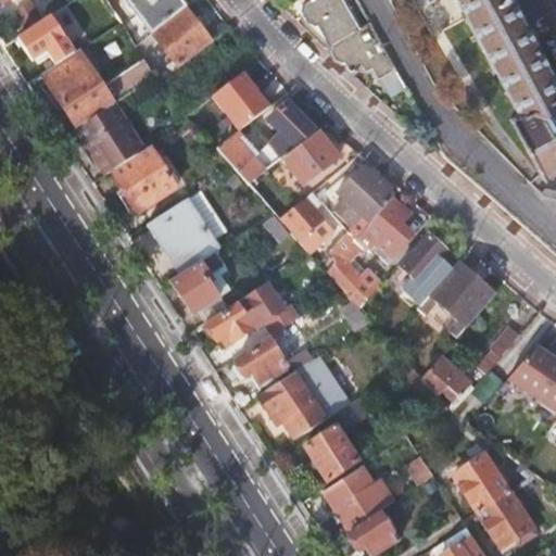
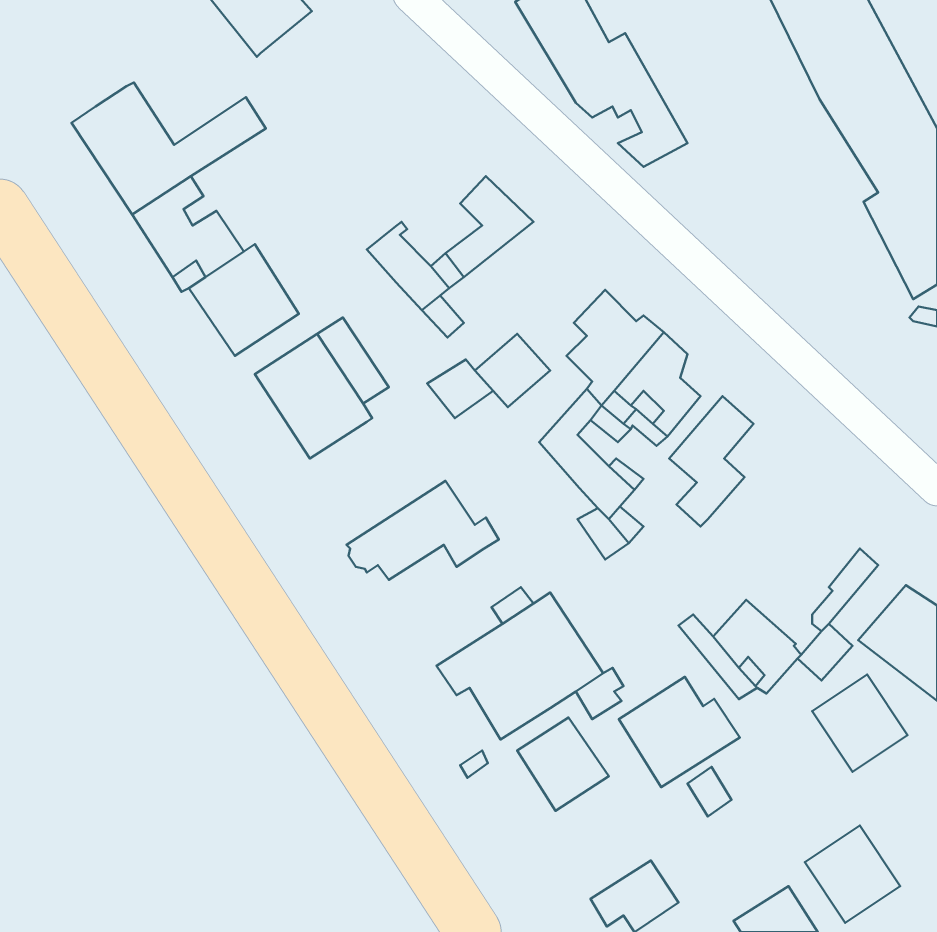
building: [154,7,212,66] -> none
building: [20,15,75,63] -> none
building: [206,76,265,135] -> none
building: [286,132,339,185] -> none
building: [170,250,231,314] -> none
building: [419,261,496,337] -> none
building: [236,325,292,380] -> none
building: [453,453,509,510] -> [812,675,907,772]
building: [325,463,396,528] -> [619,677,740,787]

